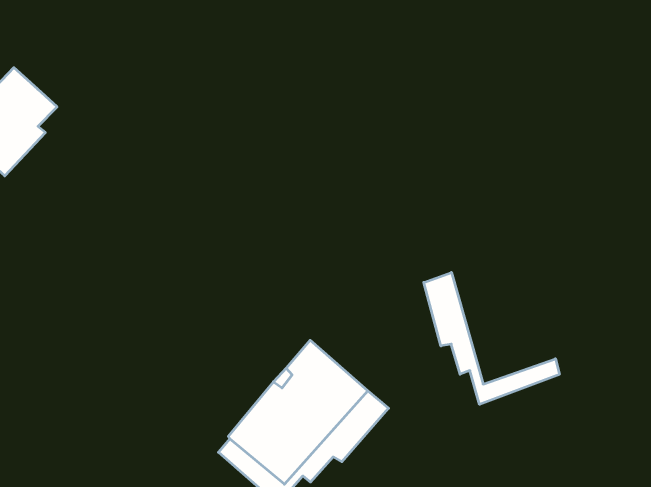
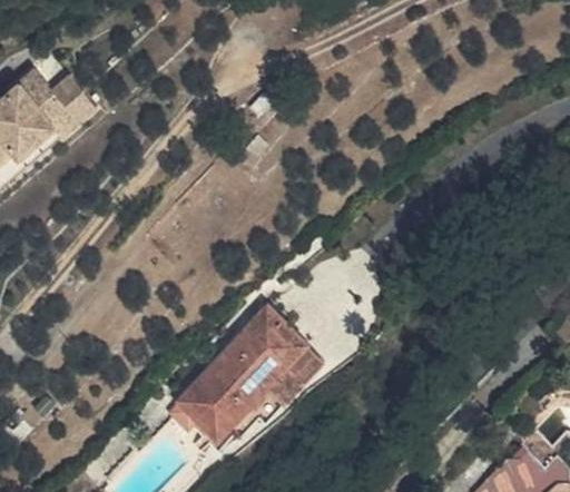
building: none -> [55,72,105,136]
building: [424,272,559,404] -> none

